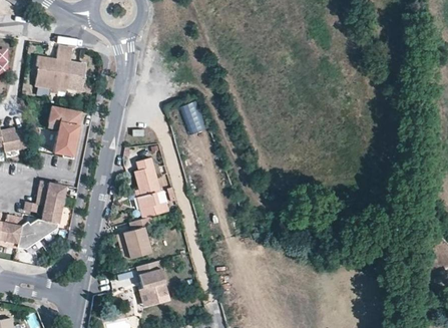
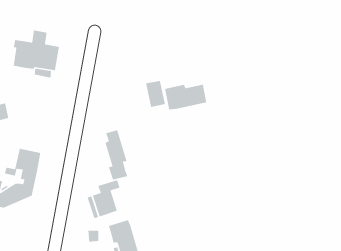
building: none -> [164,84,207,110]
building: [46,108,77,155] -> none

